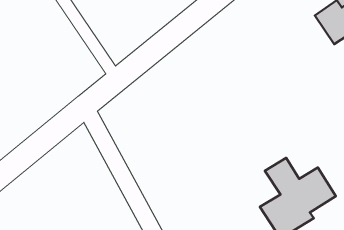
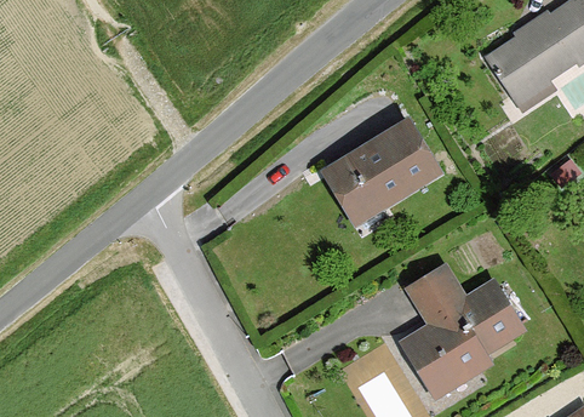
building: none -> [336,130,433,217]

